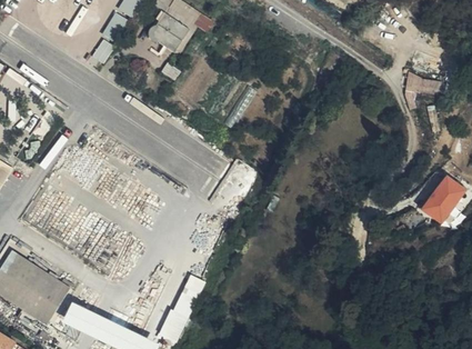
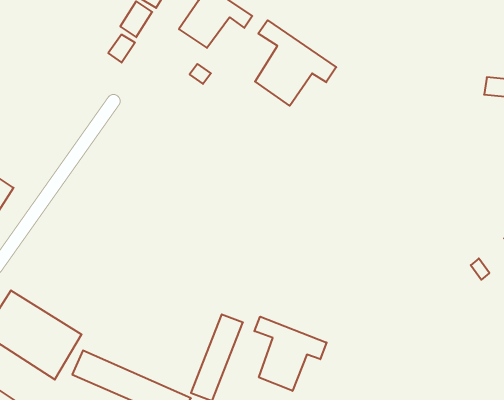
building: none -> [255,20,336,106]
building: none -> [254,317,327,391]

